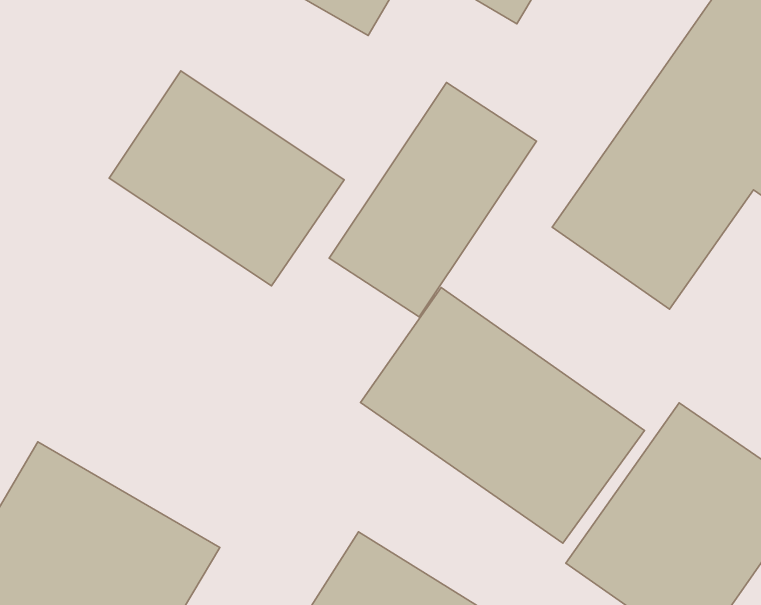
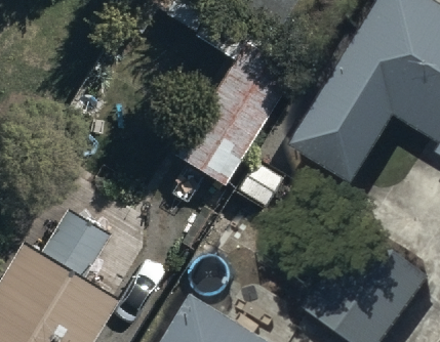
building: [109,71,344,286] -> none
building: [360,287,644,543] -> none

